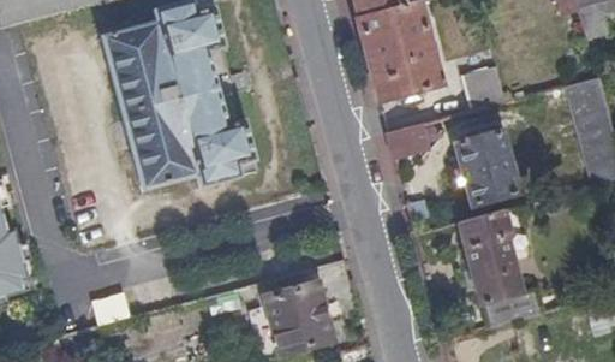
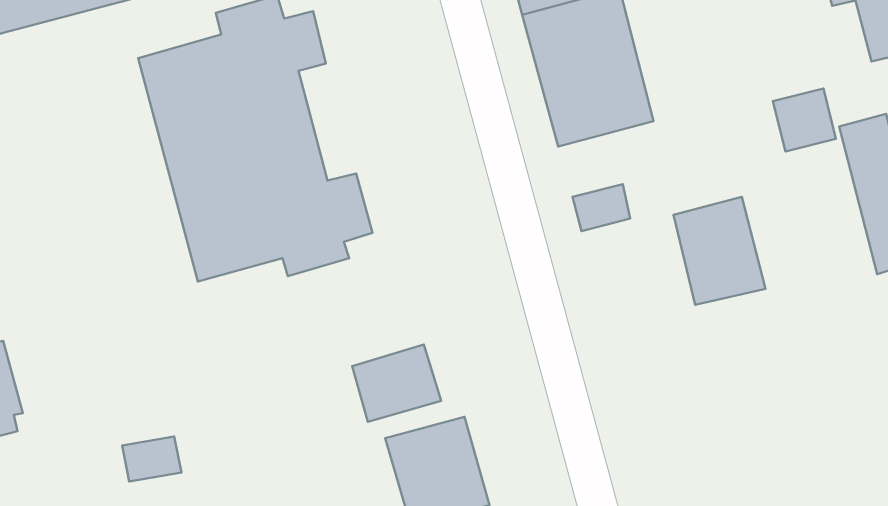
building: [464,69,506,111] -> [773,88,836,152]
building: [460,206,544,322] -> none
building: none -> [352,345,441,422]

